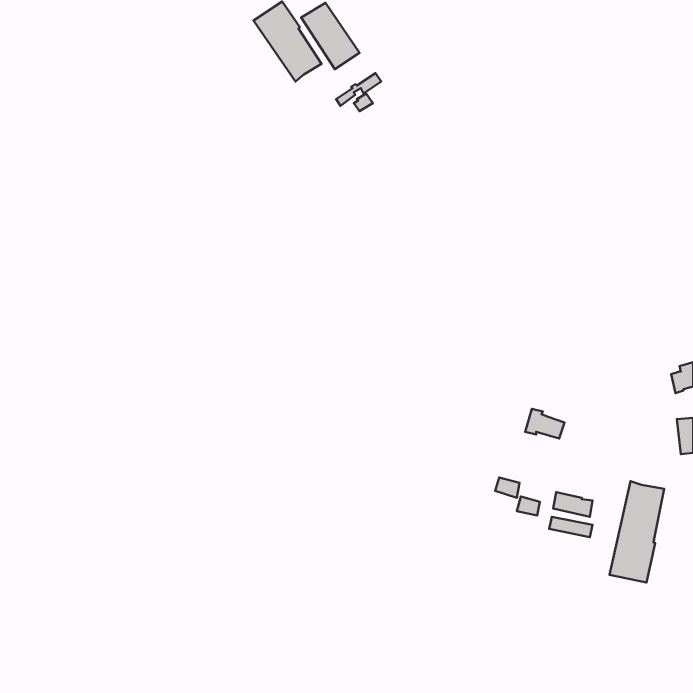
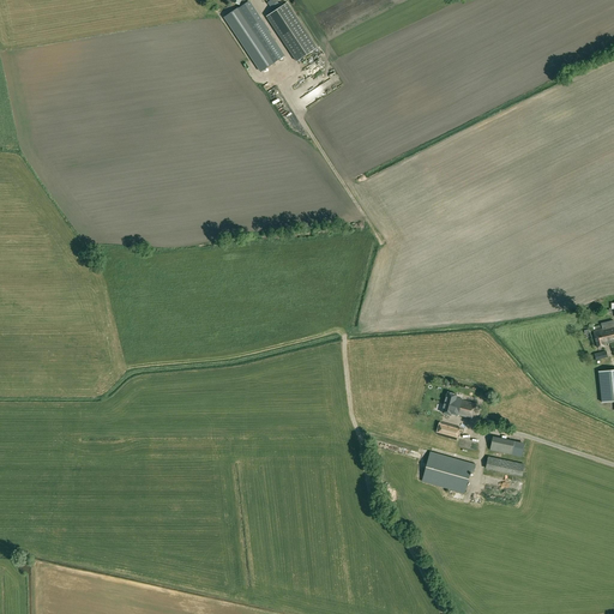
building: [525,409,565,439] -> [441,392,476,419]
building: [609,481,664,582] -> none
building: none -> [422,452,475,493]

